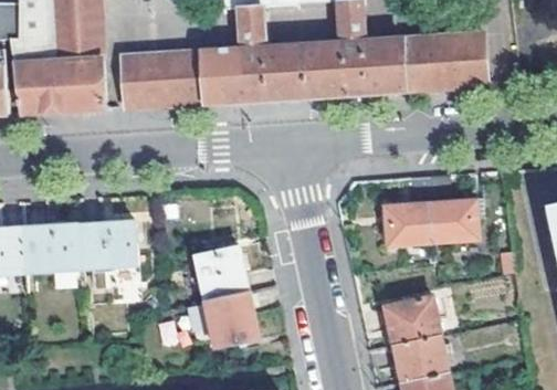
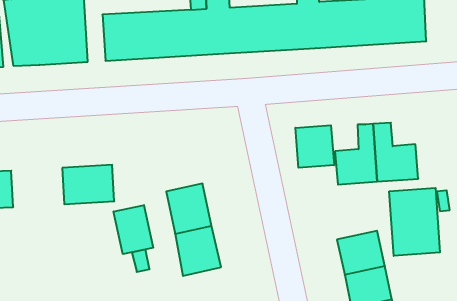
building: none -> [295,125,334,168]
building: [20,226,80,271] -> none
building: none -> [389,188,440,256]
building: none -> [114,205,153,254]

